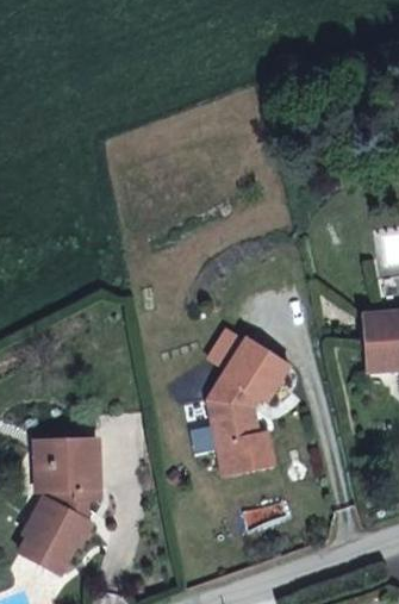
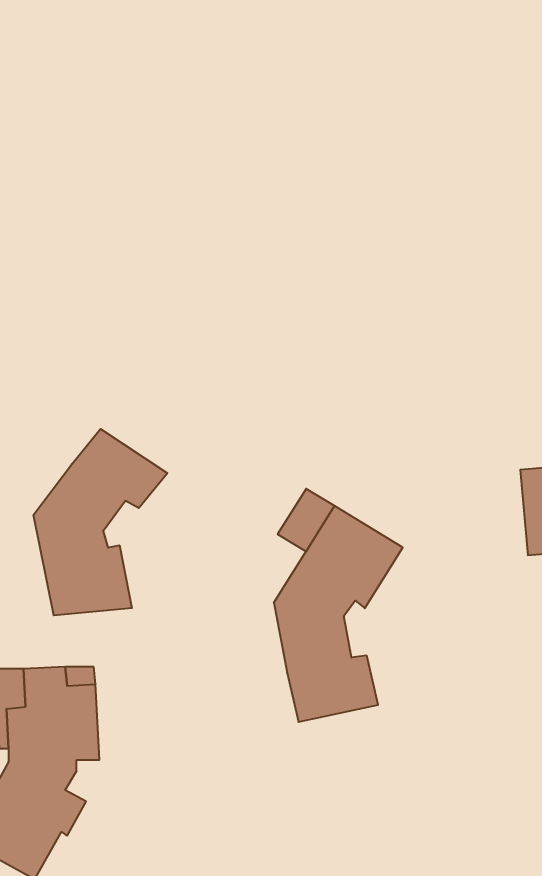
building: none -> [34,429,167,615]

